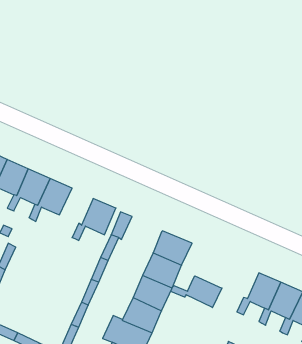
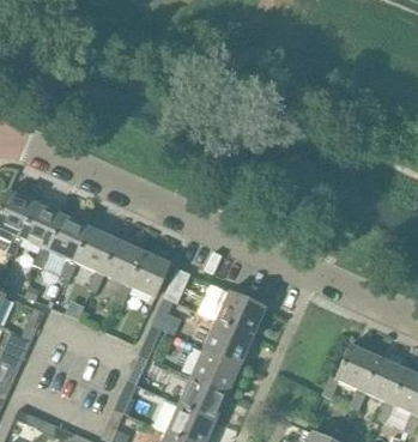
building: none -> [87,238,141,292]
building: [171,276,222,308] -> none

